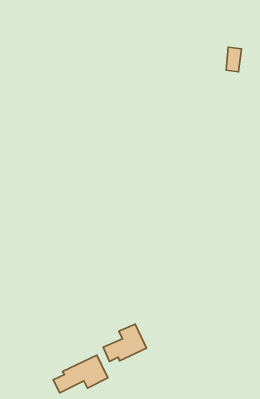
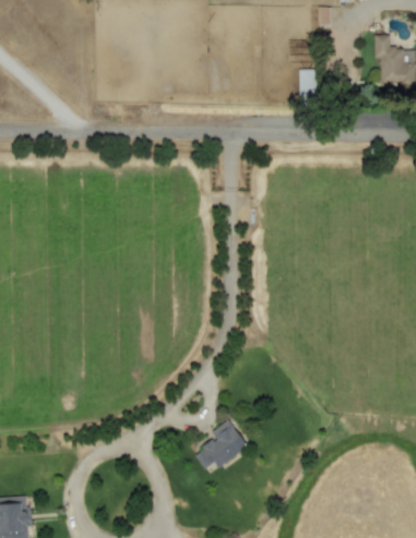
building: [53,355,108,393] -> none

